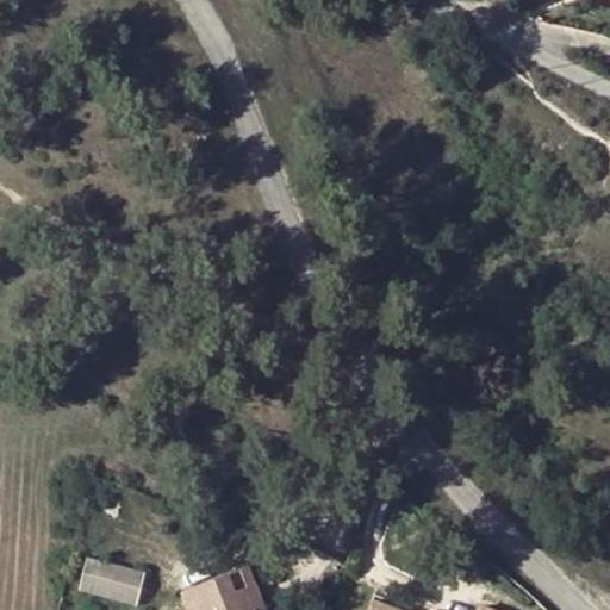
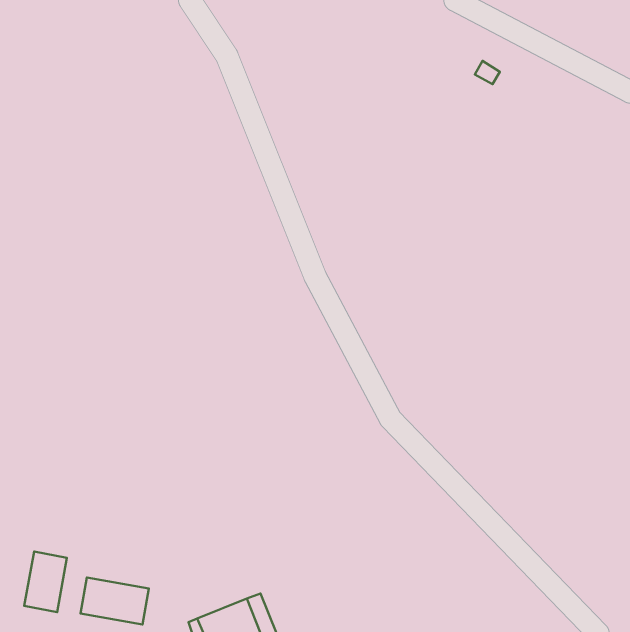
building: none -> [24,552,67,612]

